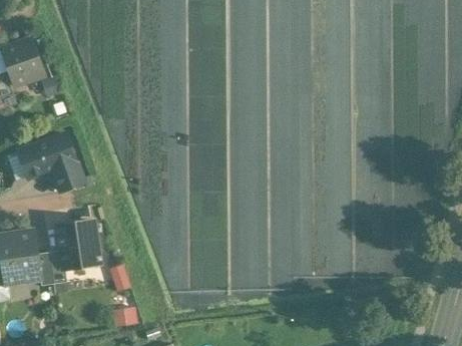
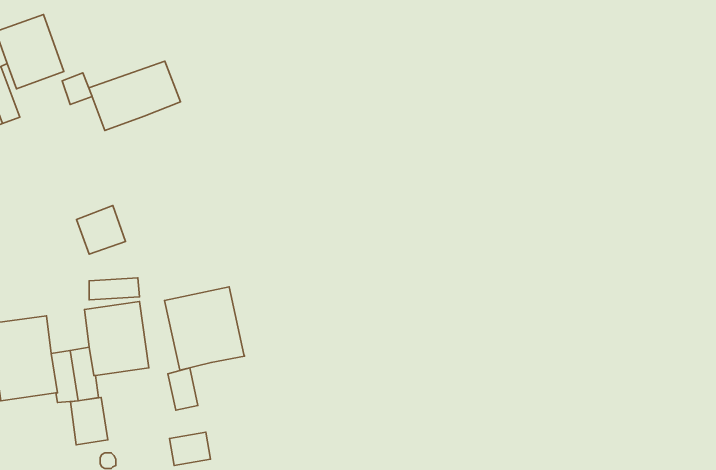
building: [17,134,75,179] -> [89,61,180,130]
building: none -> [165,287,244,370]
building: none -> [71,398,108,445]

